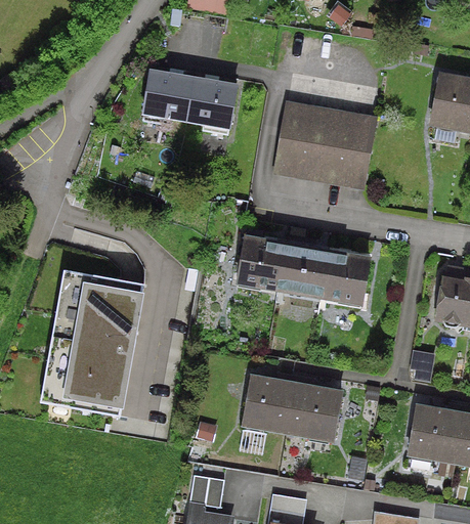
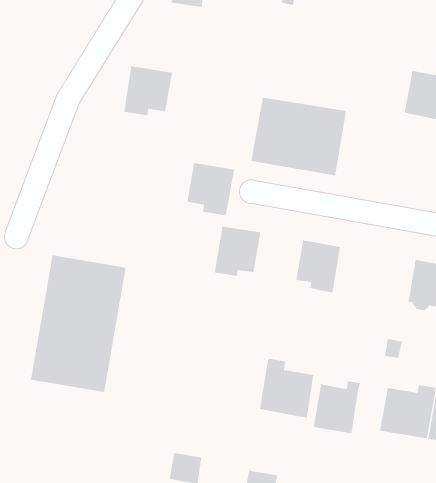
building: [185,80,236,135] -> [187,163,235,216]
building: [277,246,328,296] -> none
building: [242,375,292,430] -> [313,381,361,434]

